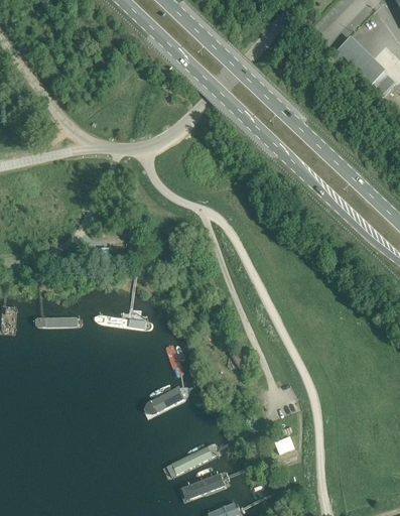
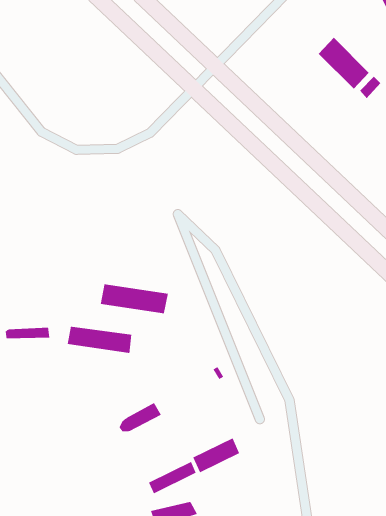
building: none -> [100,283,168,314]
building: none -> [193,438,240,473]

